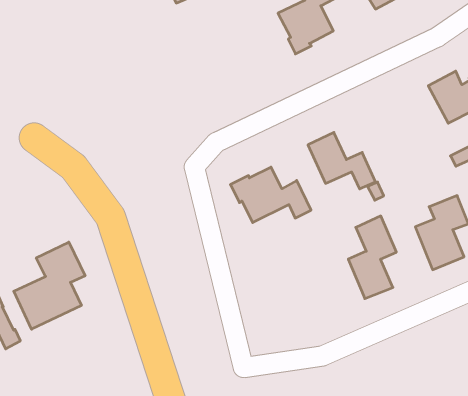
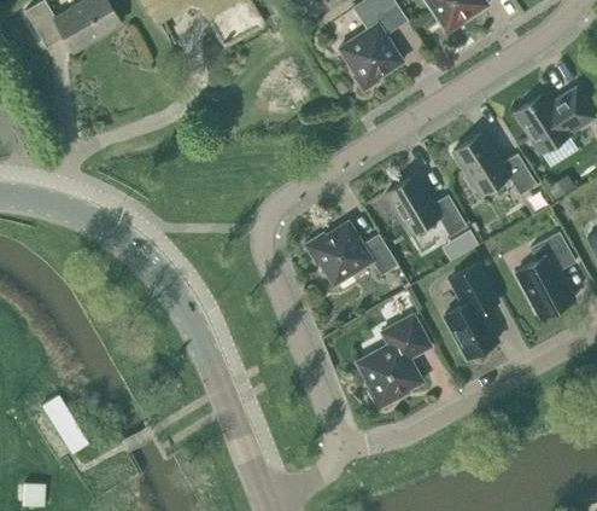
building: none -> [453,133,537,194]
building: [14,242,85,329] -> none
building: none -> [356,314,431,410]

